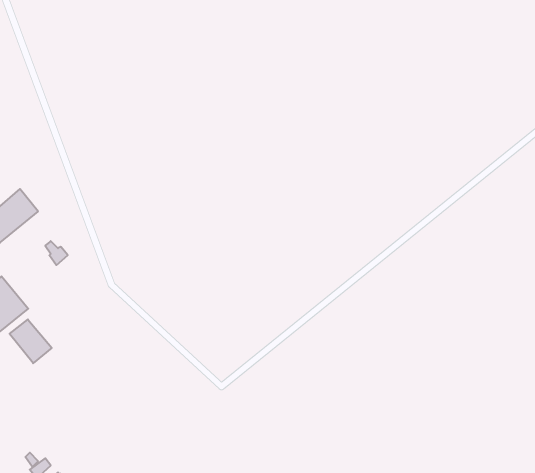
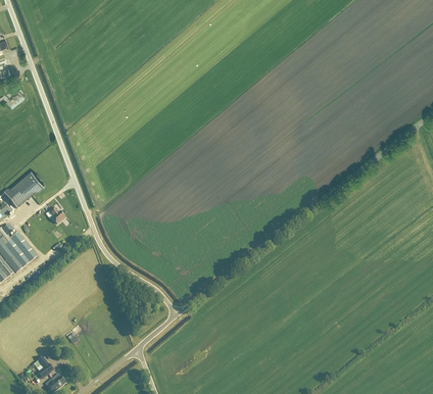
building: [10,319,52,363] -> none

